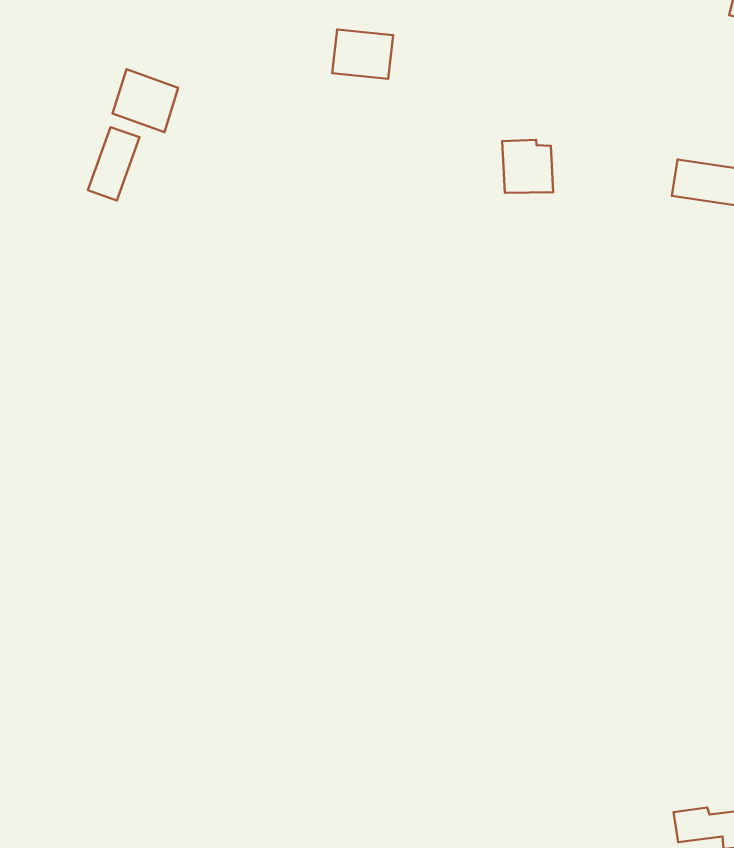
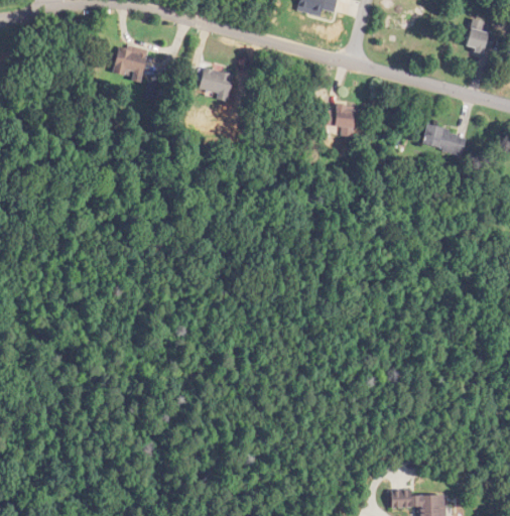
building: [332,30,393,79] -> [198,68,234,98]
building: [88,127,140,200] -> none

